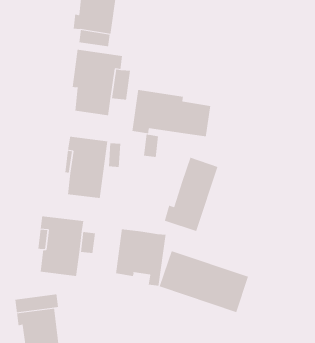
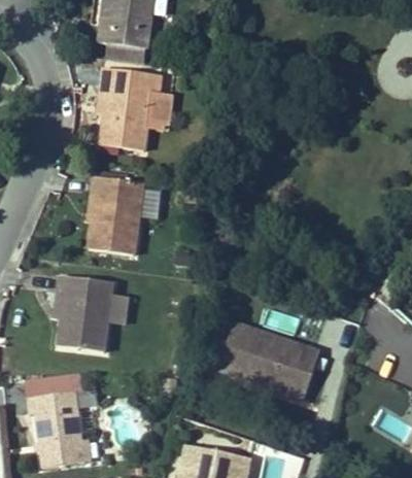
building: [132,89,211,137] -> none
building: [164,157,218,232] -> none
building: [115,228,166,287] -> none

